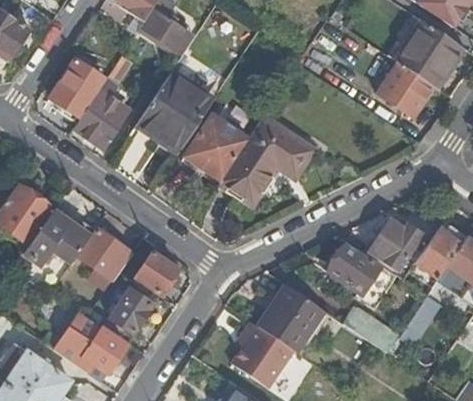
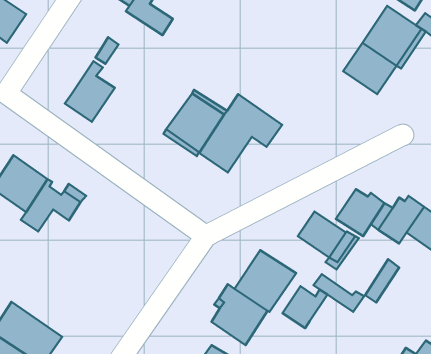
building: [51,59,106,117] -> none
building: [137,74,212,151] -> none
building: [81,228,134,280] -> none
building: [135,250,178,293] -> none
building: [110,289,153,333] -> none
building: [52,309,127,371] -> none
building: none -> [282,286,328,328]

